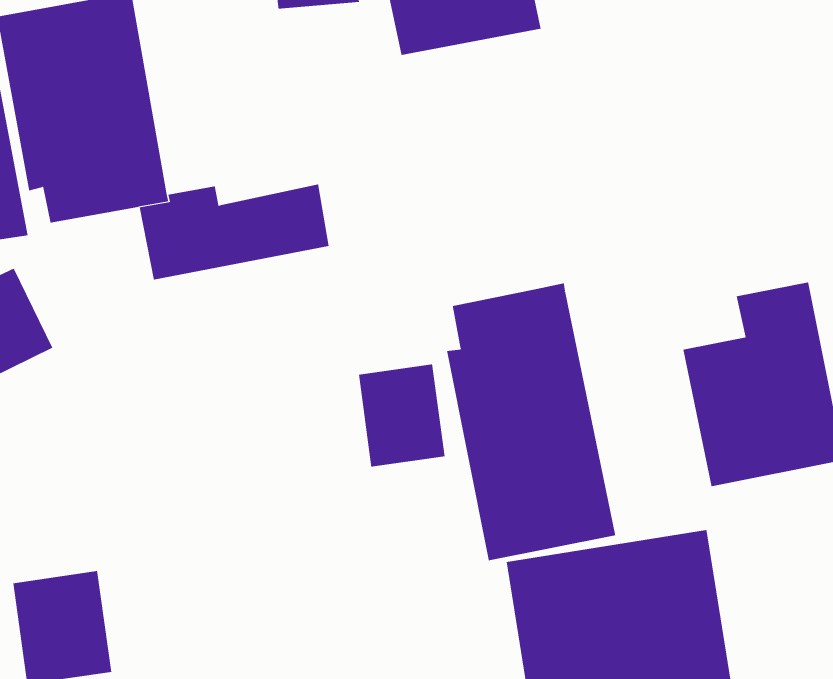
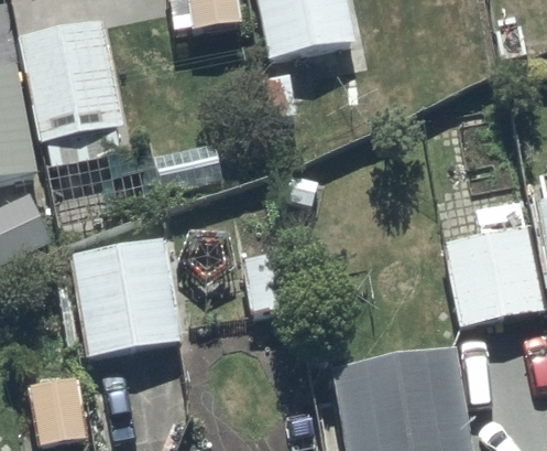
building: [446,282,616,561] -> none
building: none -> [69,236,183,356]

